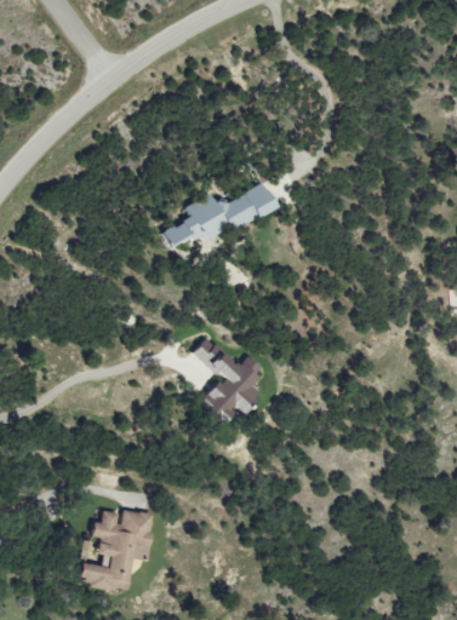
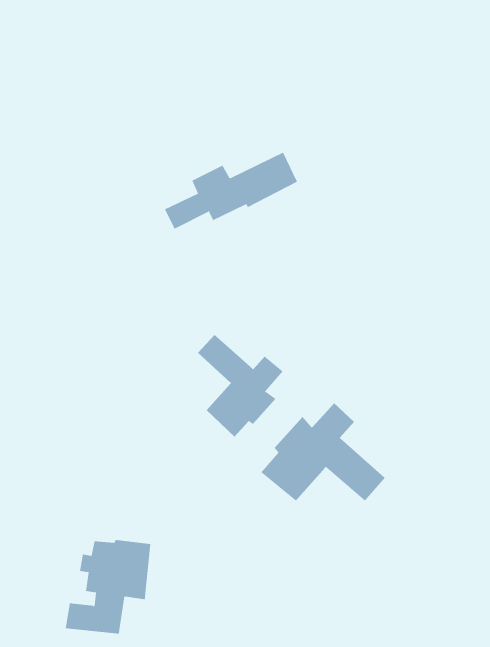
building: none -> [261,403,385,502]

